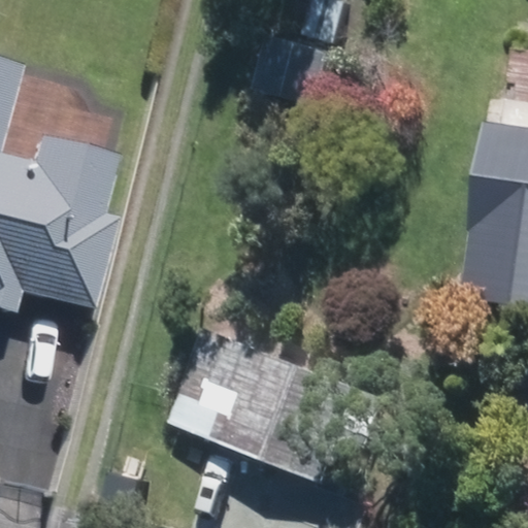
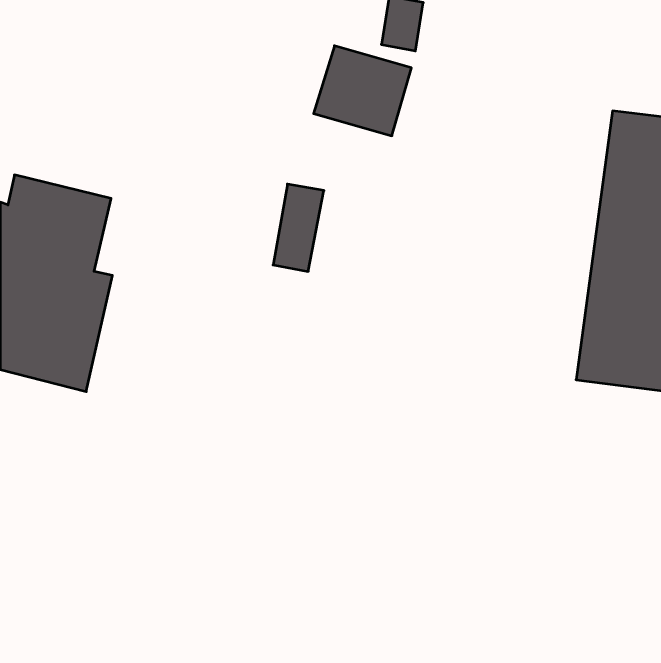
building: [168,328,350,481] -> none

